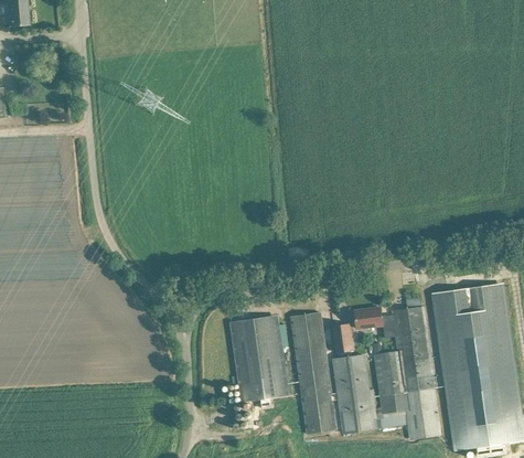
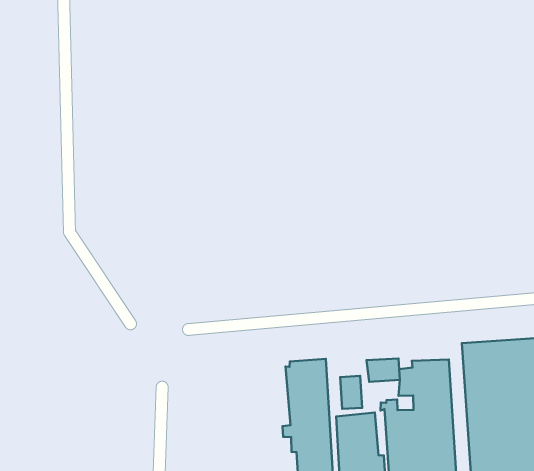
building: [229,318,288,401] -> none

